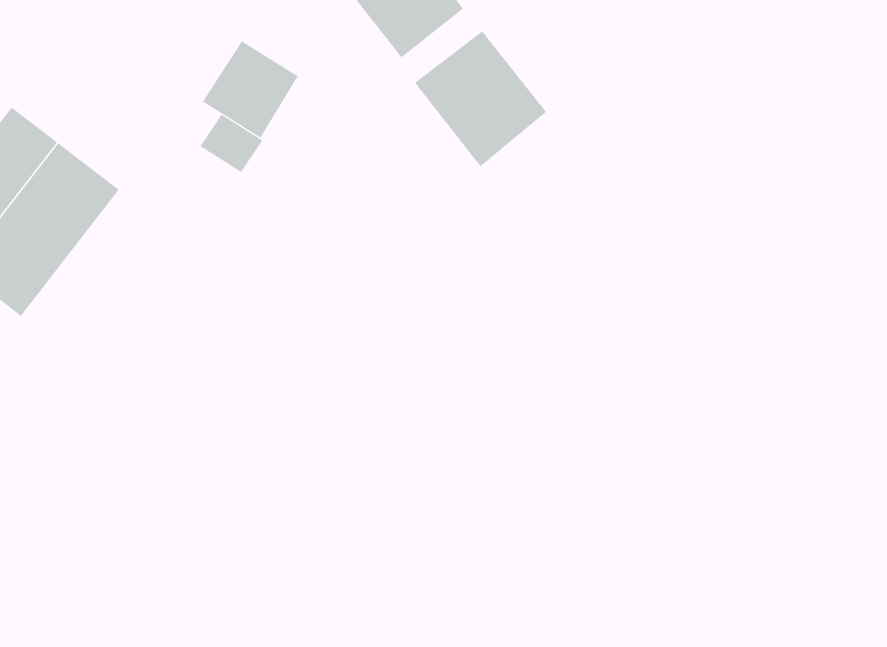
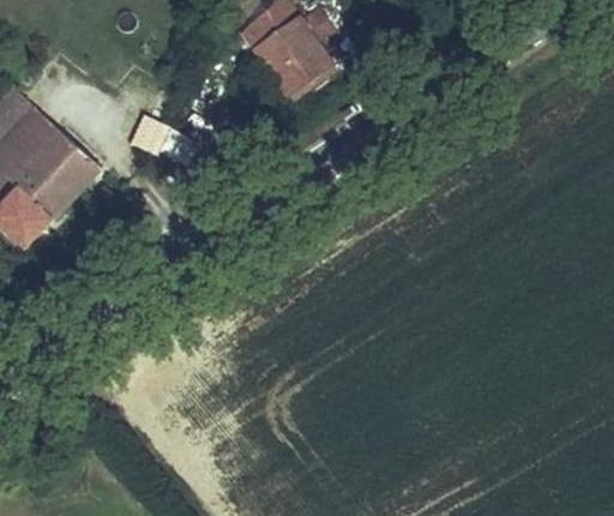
building: [414,30,547,167] -> none
building: [202,40,298,139] -> none

